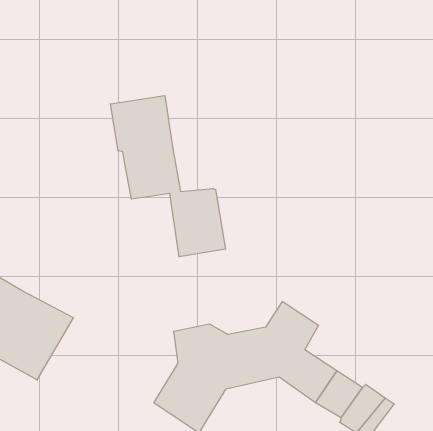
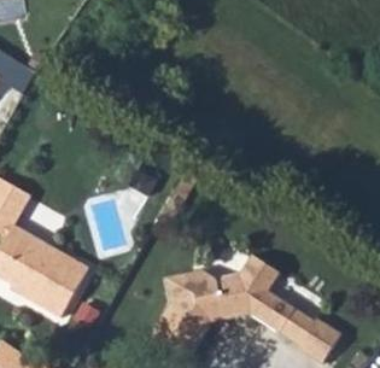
building: [110,96,226,257] -> none

